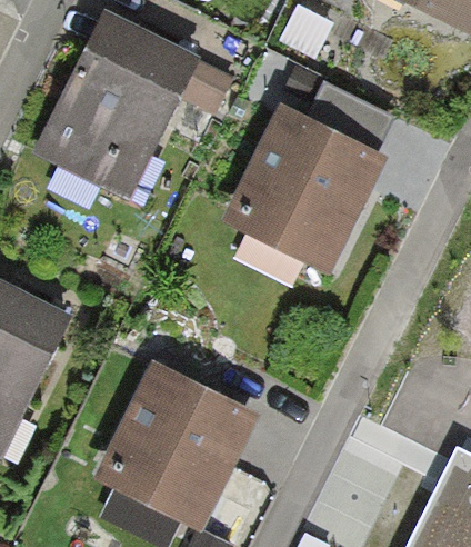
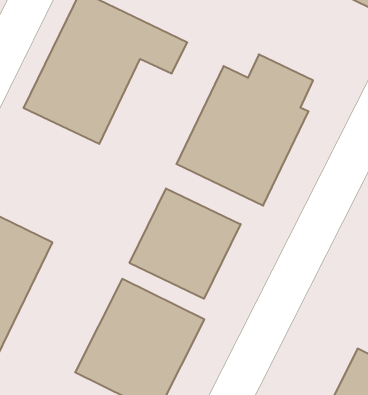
building: none -> [130,188,241,299]

